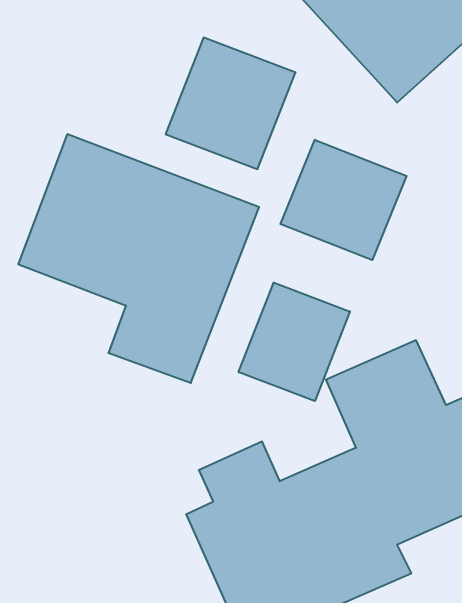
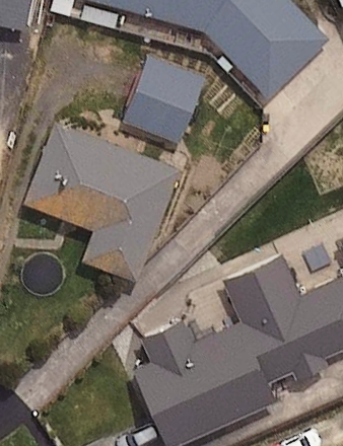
building: [280,140,407,260] -> none
building: [239,283,350,401] -> none

